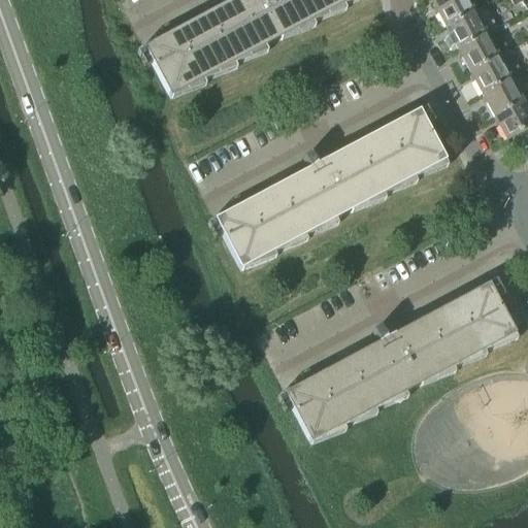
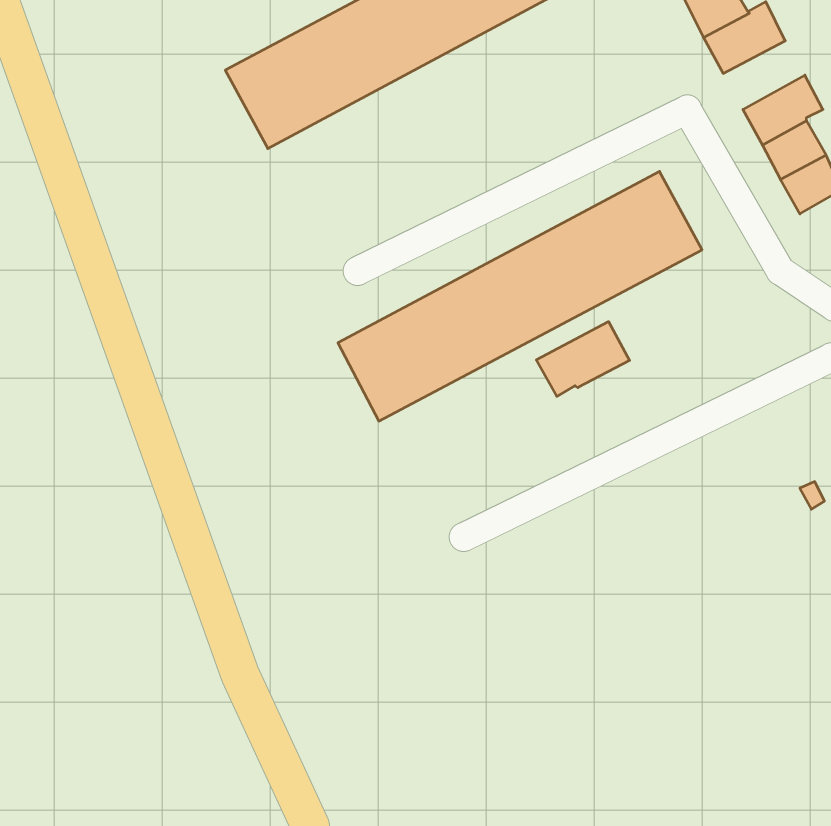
building: [459,26,510,69] -> none
building: none -> [536,322,630,396]
building: [285,282,516,440] -> none

